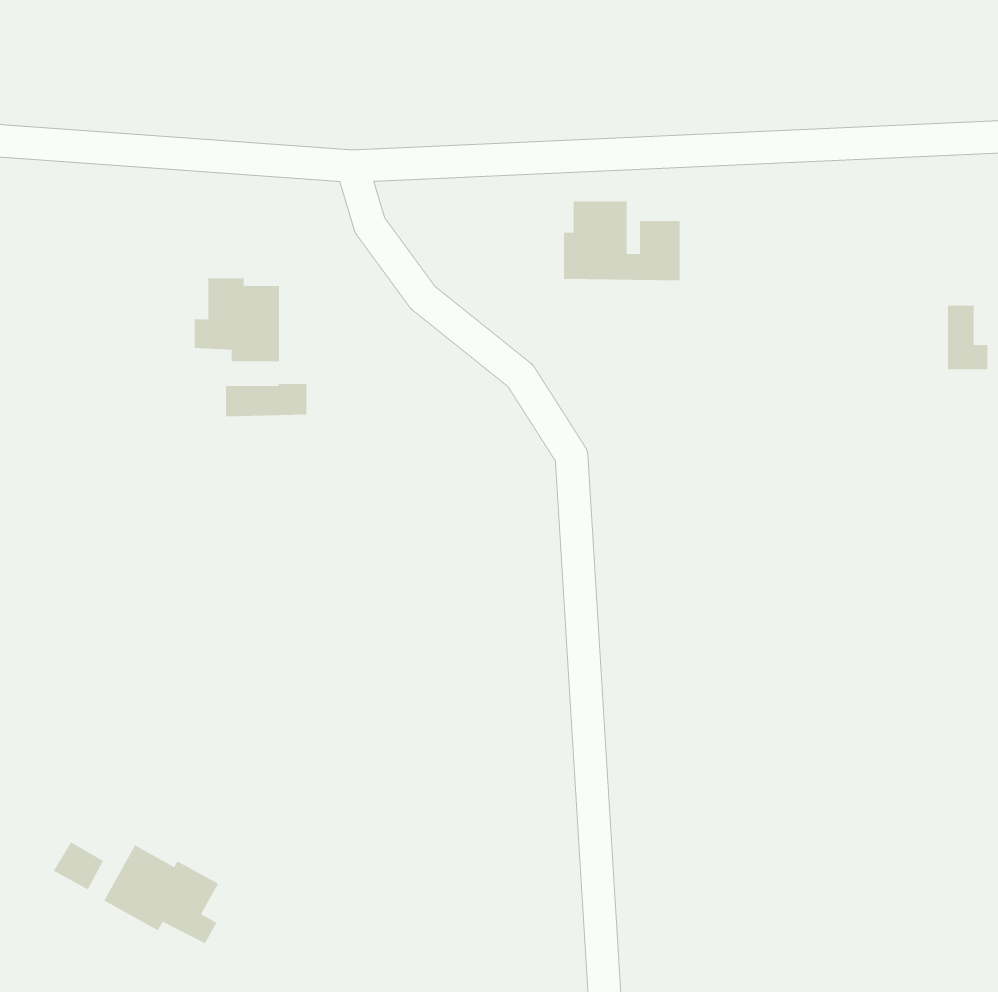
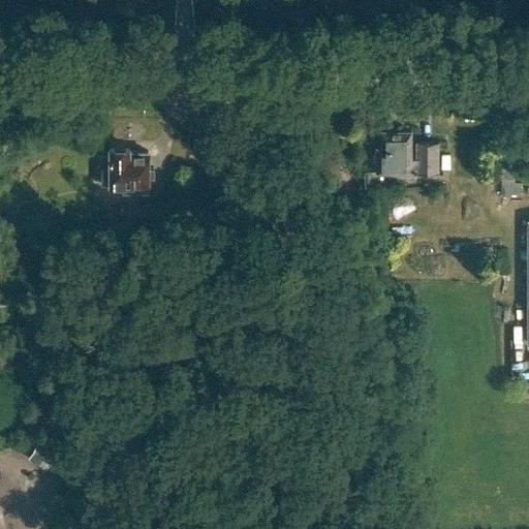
building: [563,201,680,281] -> [377,134,439,177]
building: [104,845,219,944] -> none

